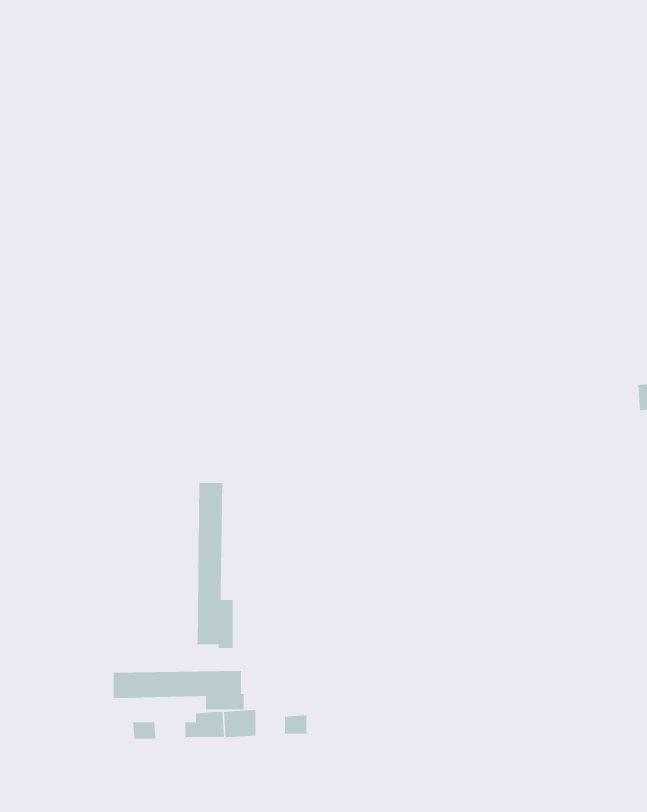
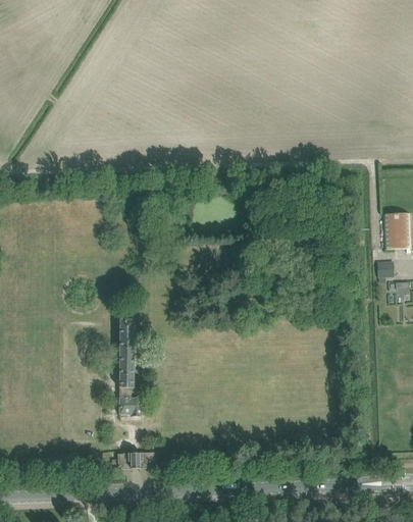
building: [113,670,244,710] -> none

